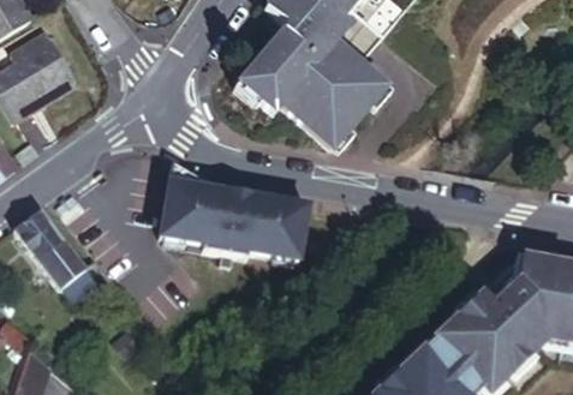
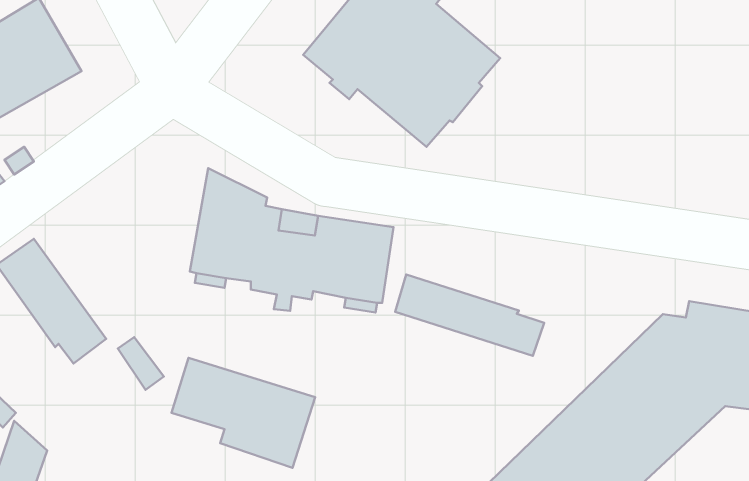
building: none -> [395,275,544,356]
building: none -> [171,358,315,468]

